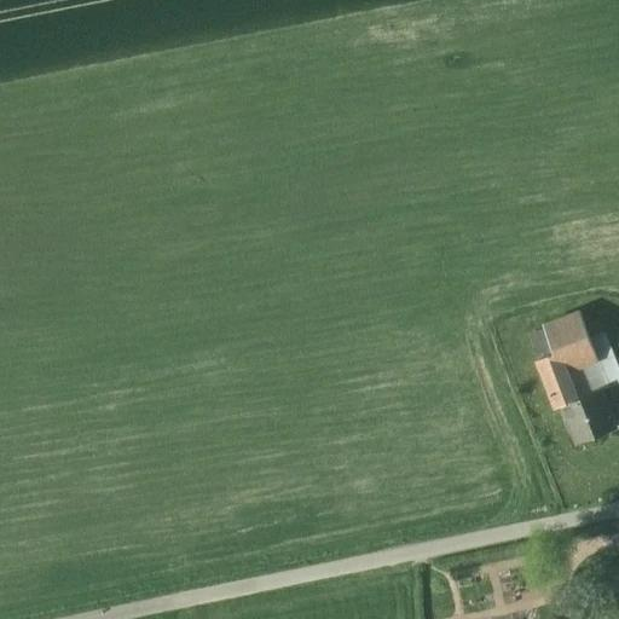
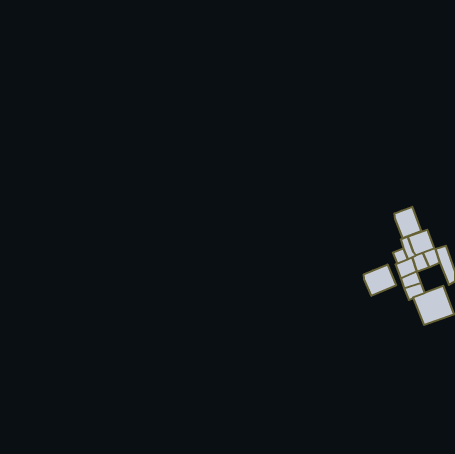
building: none -> [394,207,421,238]
building: none -> [364,264,396,296]

